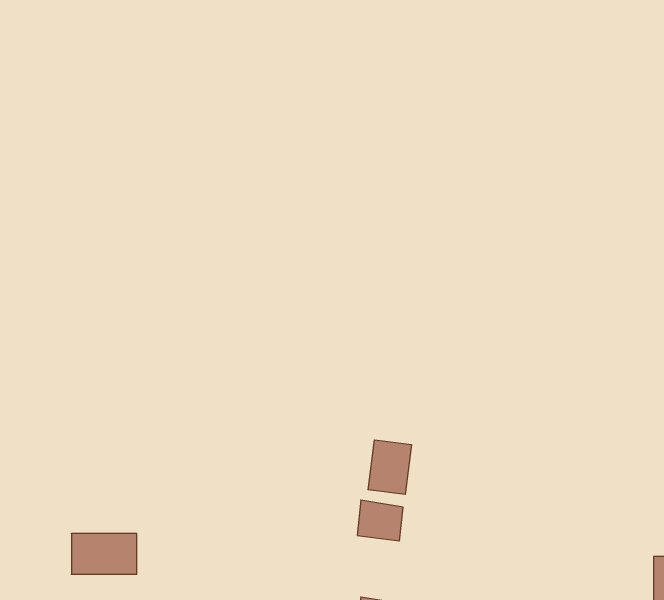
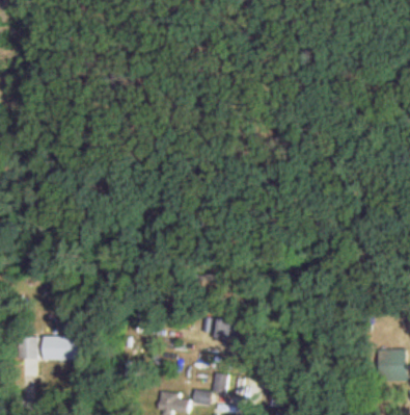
building: [368,440,411,494] -> none

